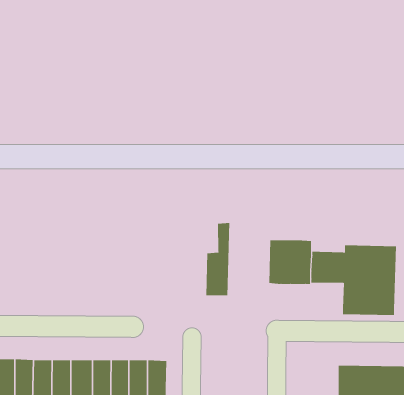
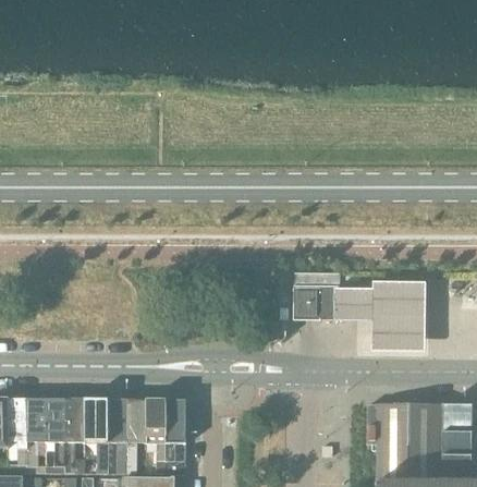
building: [206,222,230,296] -> none

